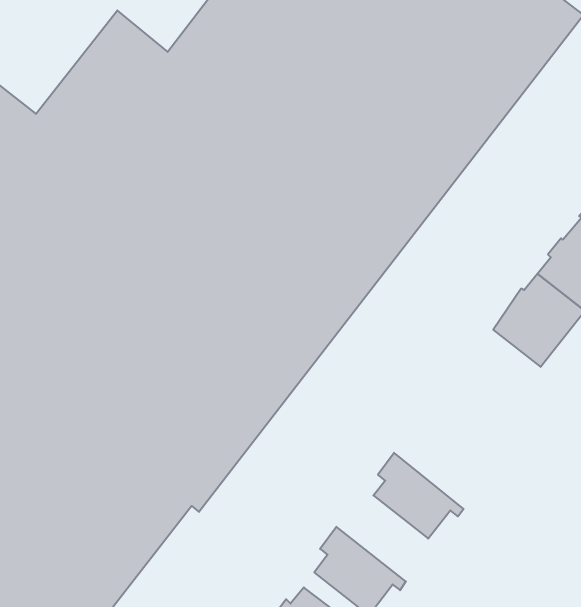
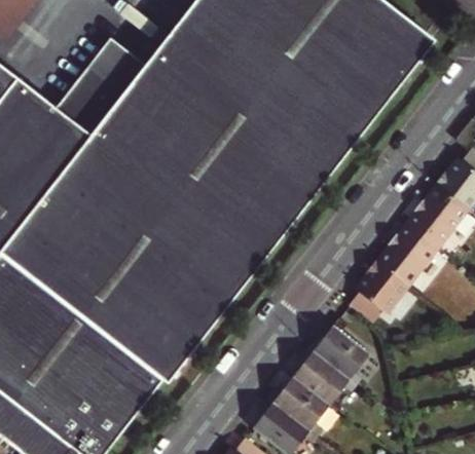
building: none -> [344,259,405,321]
building: none -> [303,325,367,384]
building: none -> [263,375,327,434]

